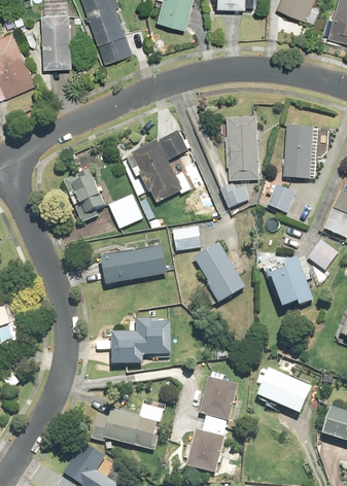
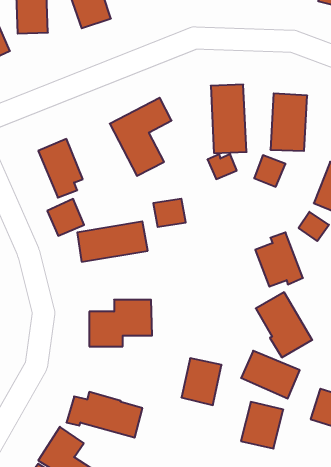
building: [108,194,143,229] -> [47,199,84,236]
building: [193,241,246,303] -> [256,292,312,357]
building: [185,428,225,473] -> [241,402,283,449]

